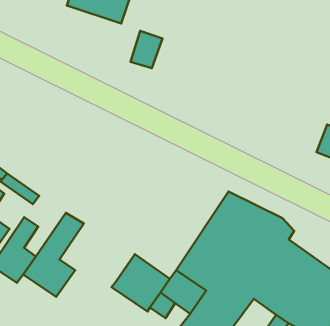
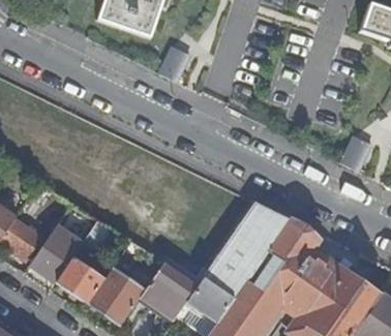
building: none -> [88,267,146,326]

